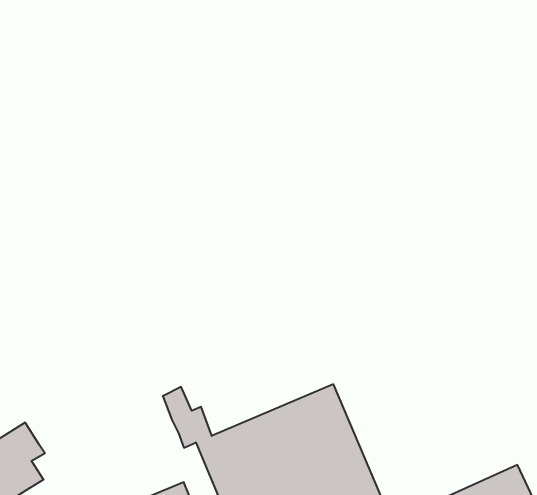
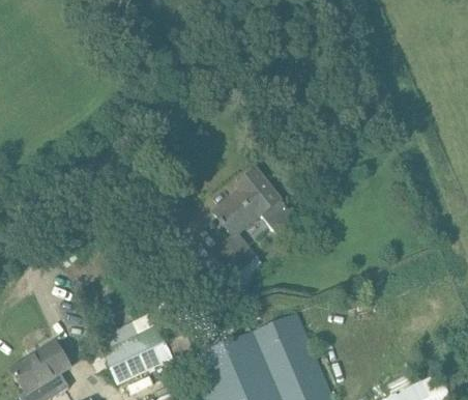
building: none -> [211,169,299,277]
building: none -> [88,323,167,382]

